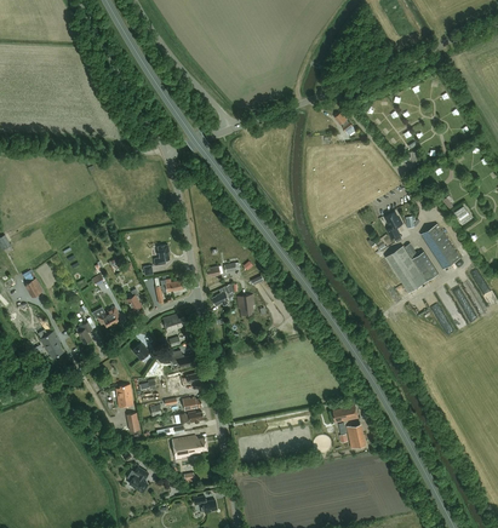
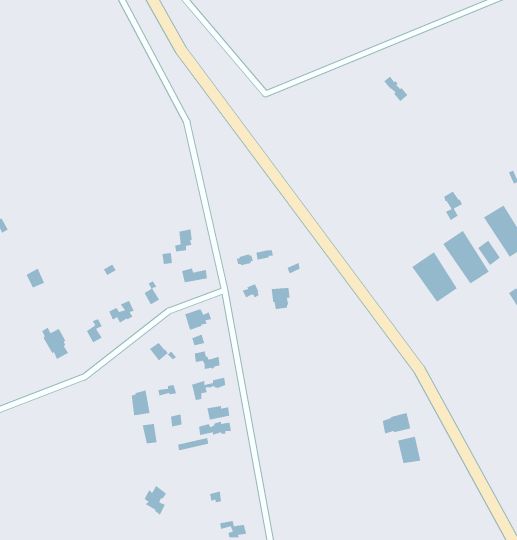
building: none -> [411,251,458,303]
building: [172,436,207,460] -> none

